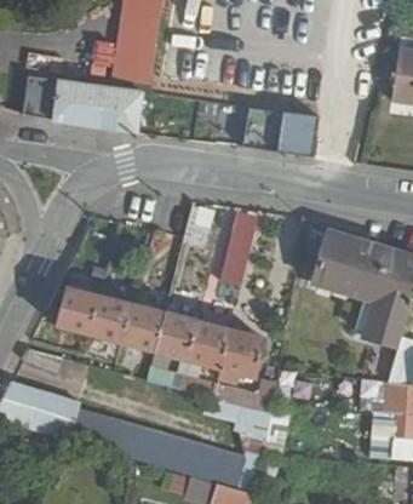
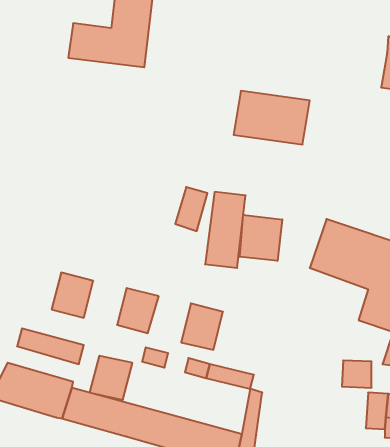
building: [19,74,150,133] -> none
building: none -> [240,215,282,261]
building: [87,298,131,343] -> [90,356,132,400]
building: [153,314,196,361] -> none
building: [219,330,263,378] -> none

